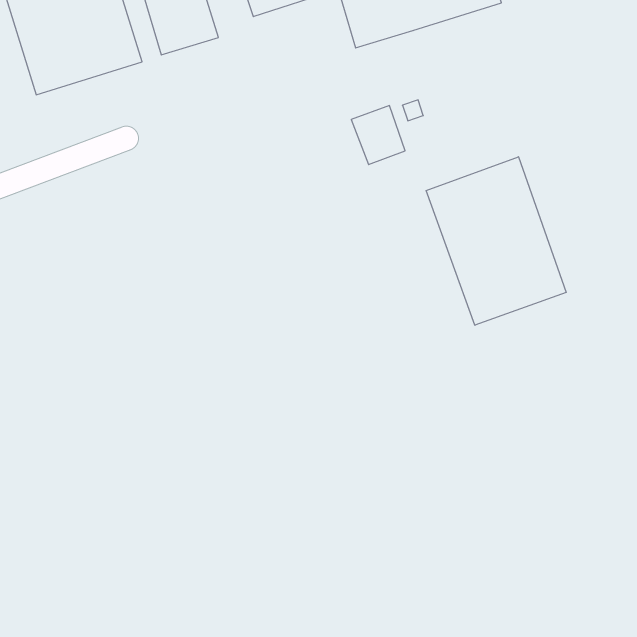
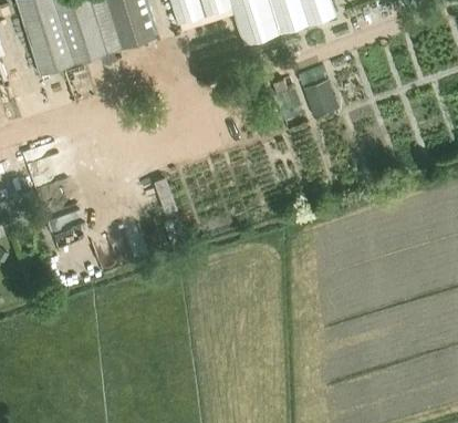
building: [351,106,405,165] -> [303,79,337,116]
building: [426,157,566,325] -> none

